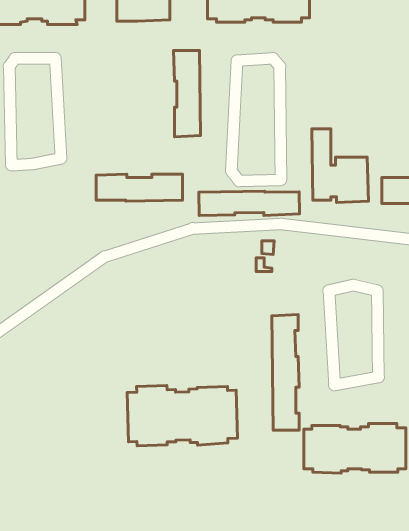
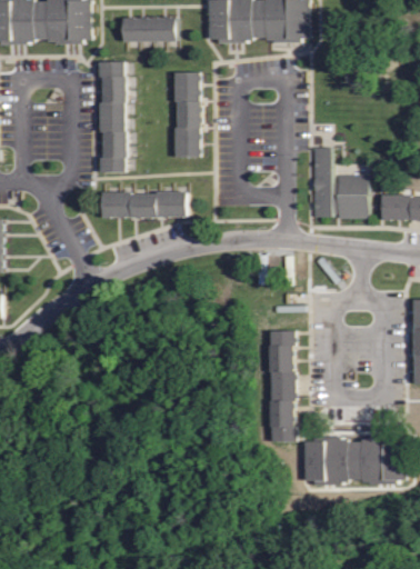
building: none -> [101,59,127,172]
building: [199,191,300,216] -> none
building: [127,386,237,446] -> none

